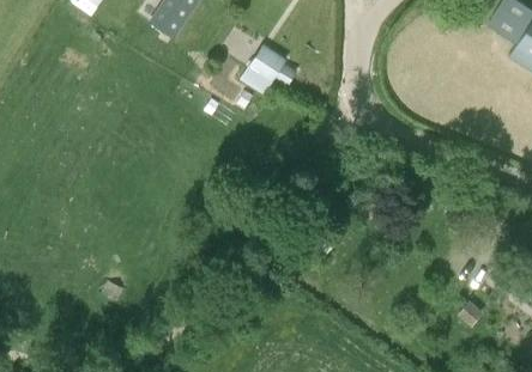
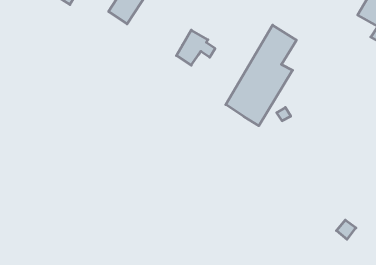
building: none -> [226,25,296,126]

